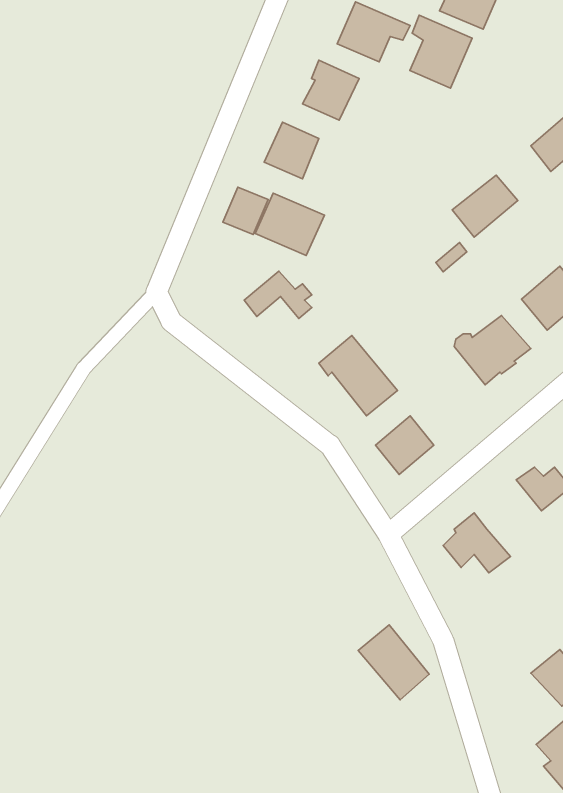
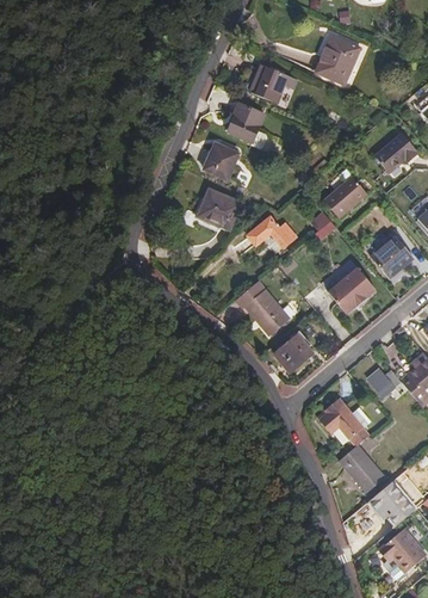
building: [410,15,472,88] -> none
building: [223,187,268,234] -> none
building: [244,271,312,318] -> [247,216,291,247]
building: [358,625,429,700] -> [339,443,385,492]

